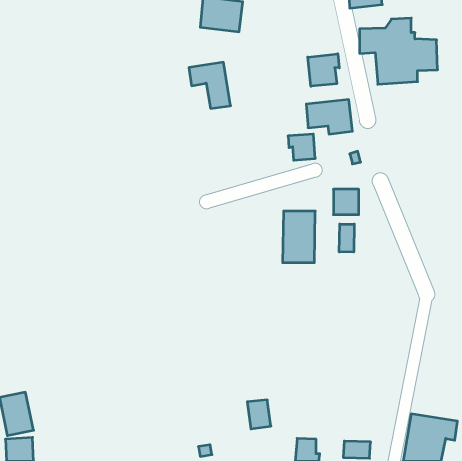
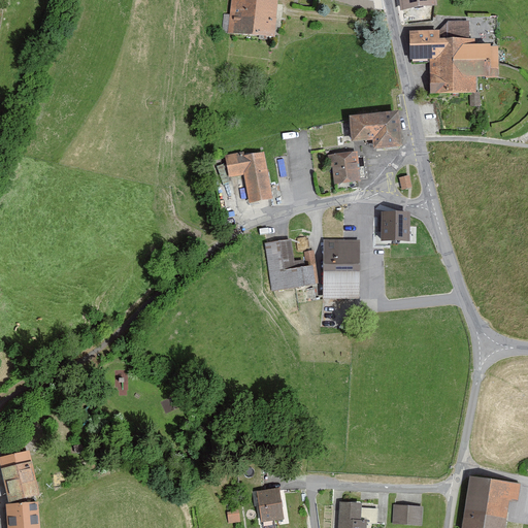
building: [308,54,339,86] -> none
building: [189,62,231,108] -> [223,150,270,202]
building: none -> [263,239,318,291]
building: [339,224,354,252] -> none
building: [247,400,271,429] -> [256,487,283,520]

